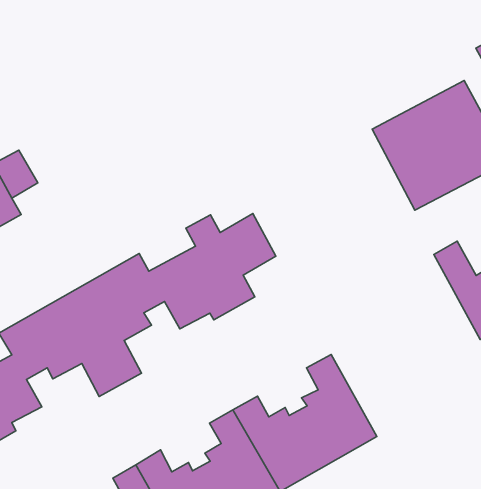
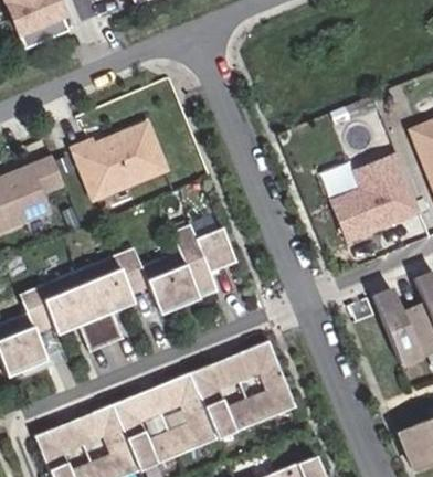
building: none -> [75,125,167,200]

